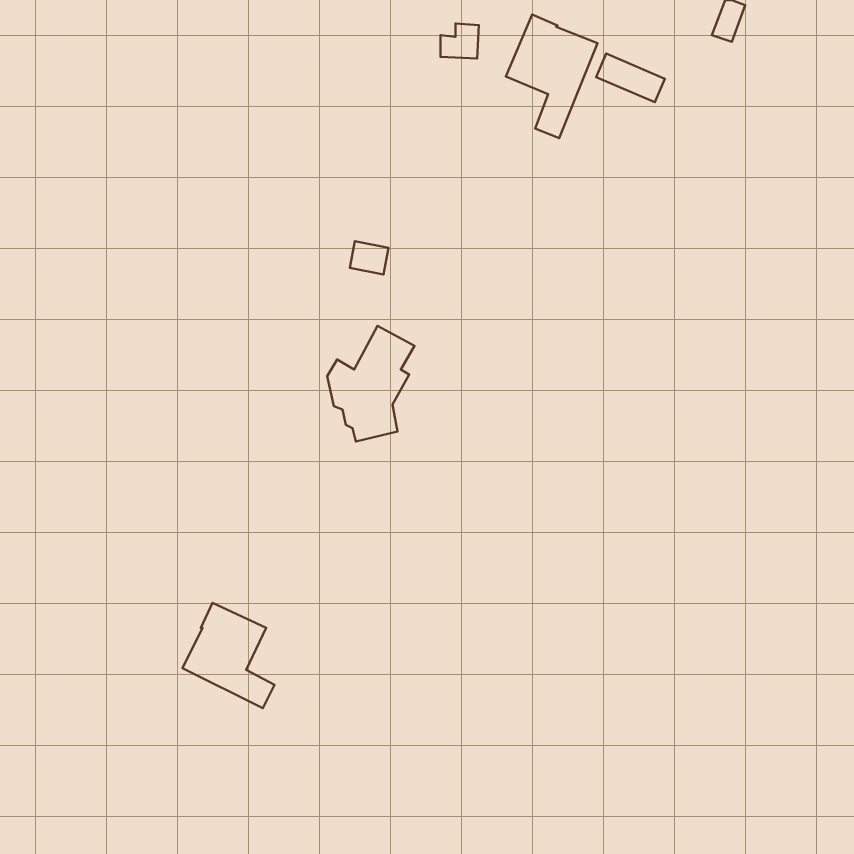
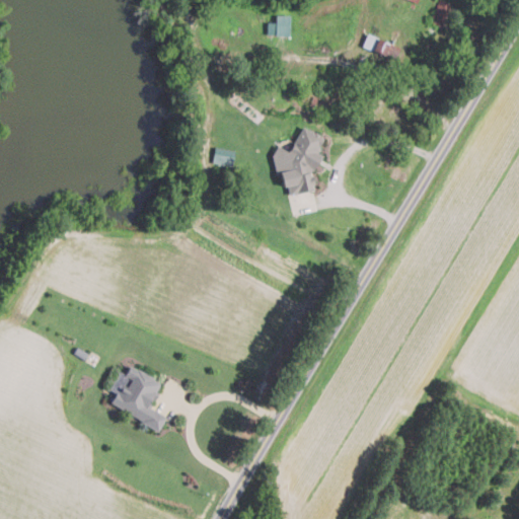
building: [506,15,597,138] -> none
building: [327,326,414,441] -> [273,126,325,196]

